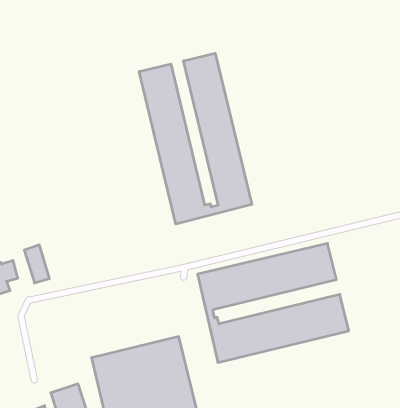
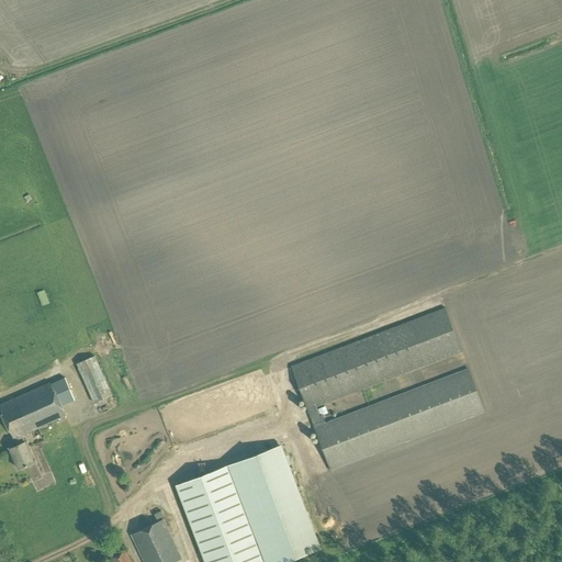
building: [139,53,252,224] -> none

